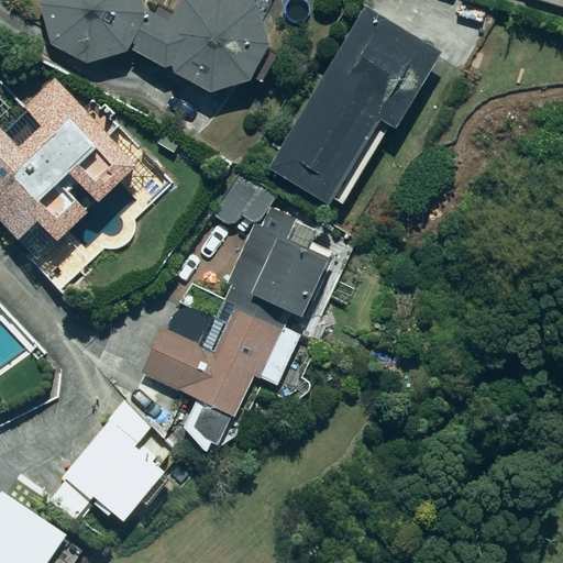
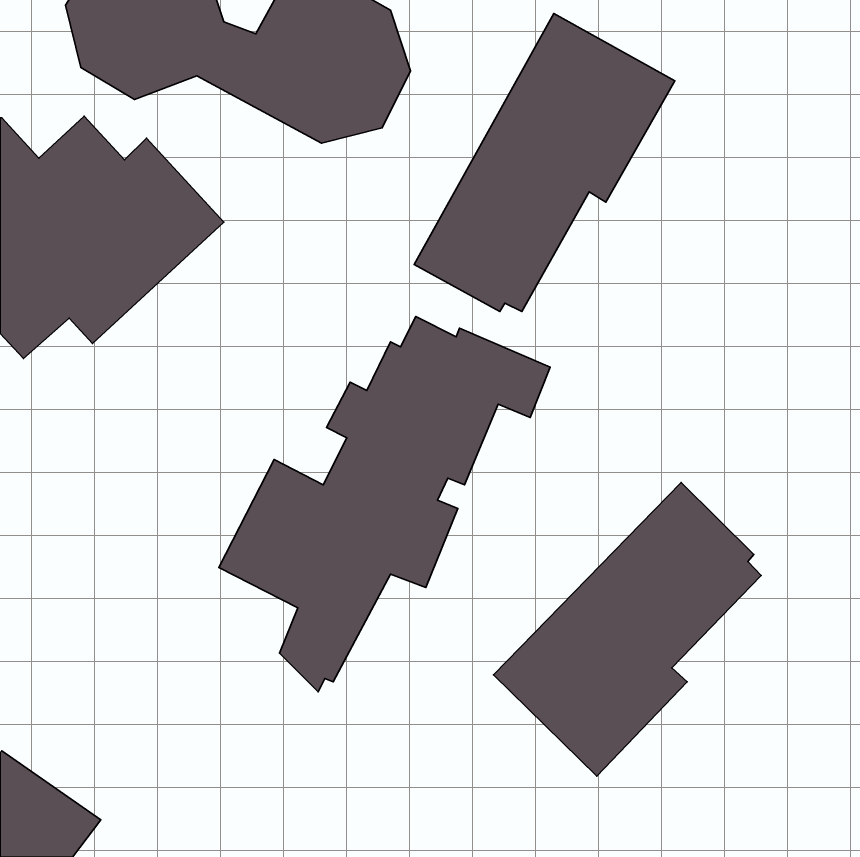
building: none -> [493,483,761,776]
building: [51,400,165,526] -> none

